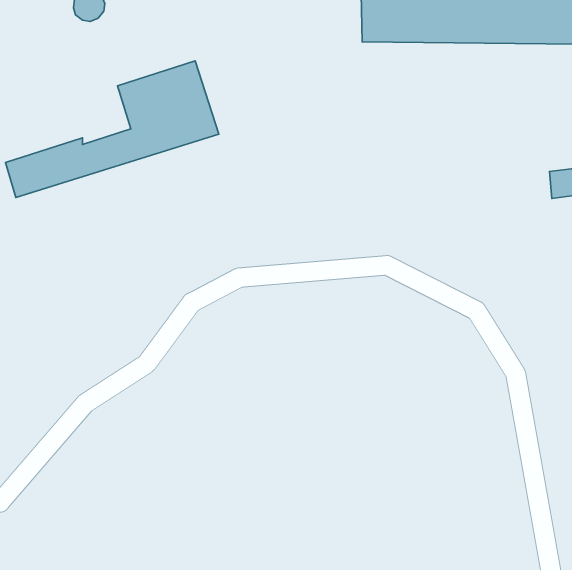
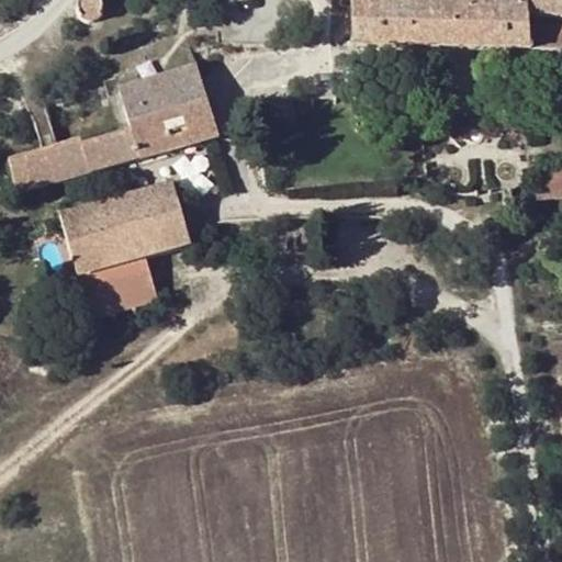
building: none -> [59,180,193,322]

